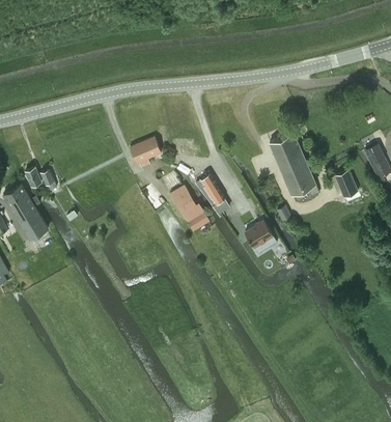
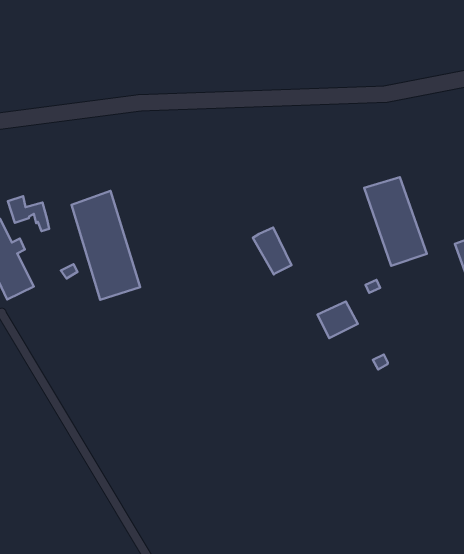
building: [130,138,160,168] -> none
building: none -> [72,191,140,300]
building: [169,186,208,232] -> none

